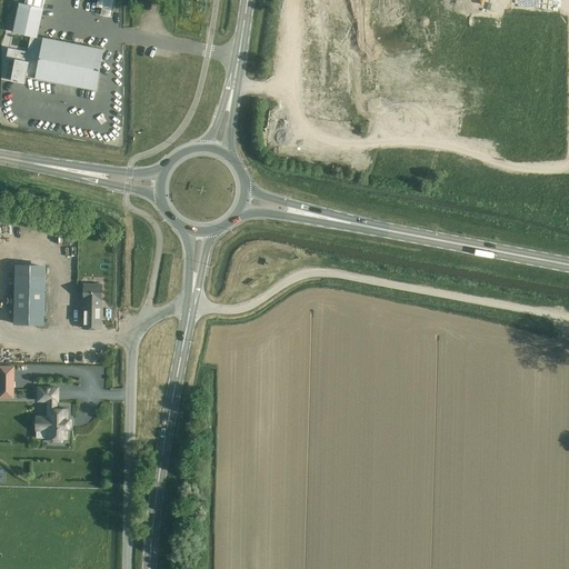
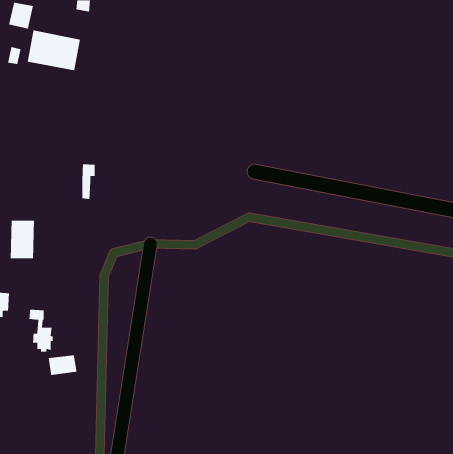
building: [81,282,99,328] -> [81,163,96,200]
building: none -> [48,354,77,376]

